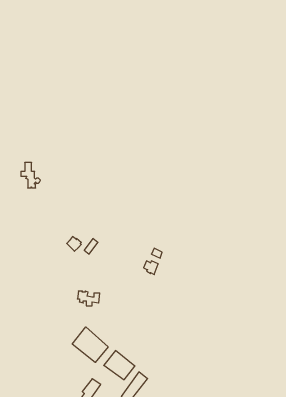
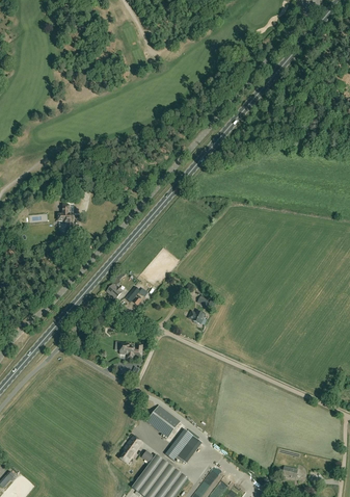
building: [72,327,108,362] -> none

